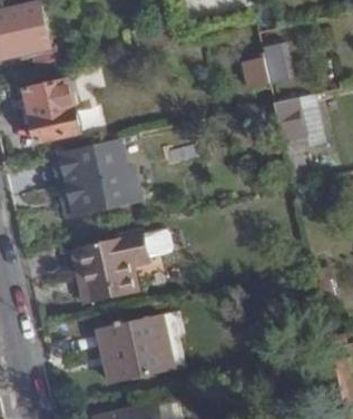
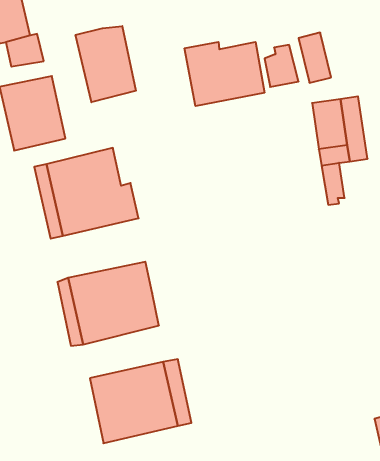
building: none -> [76,26,136,102]
building: none -> [185,42,264,106]

